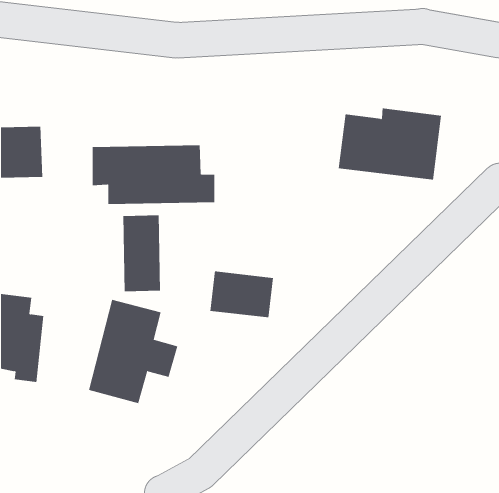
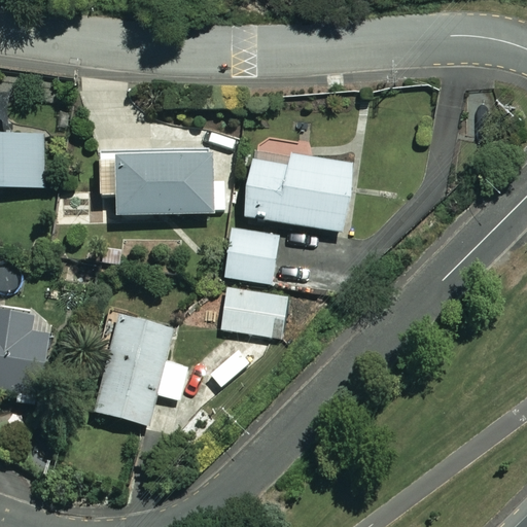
building: [338,108,442,180] -> [242,153,351,230]
building: [123,214,161,292] -> none
building: none -> [226,227,277,280]

